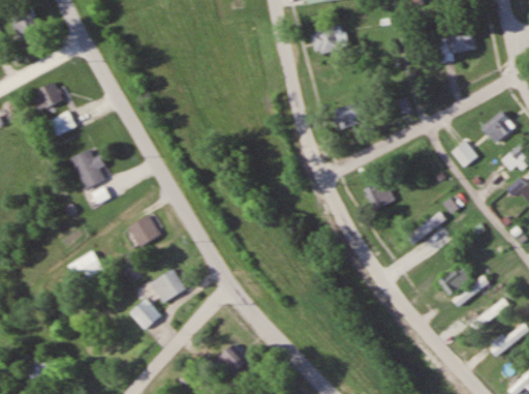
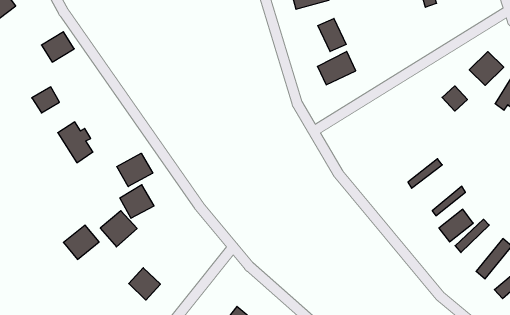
building: none -> [318,18,346,52]
building: [31,83,63,112] -> [41,32,74,62]
building: [363,180,395,212] -> none
building: none -> [117,153,153,187]
building: [150,268,186,303] -> [100,211,137,247]

